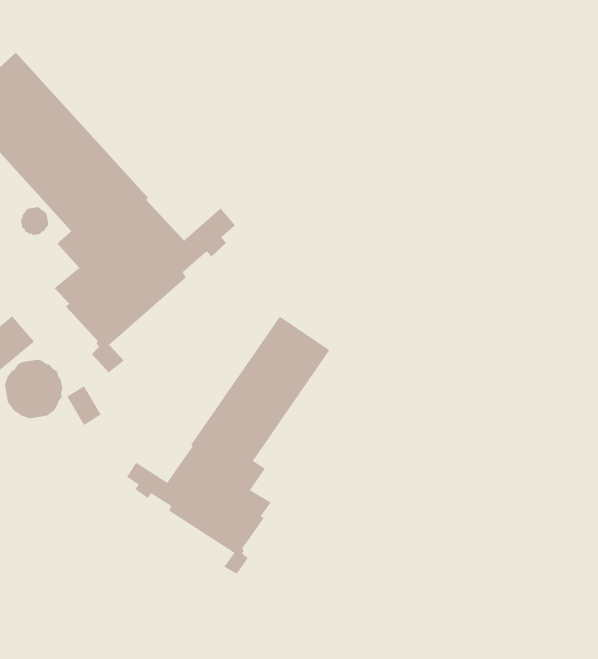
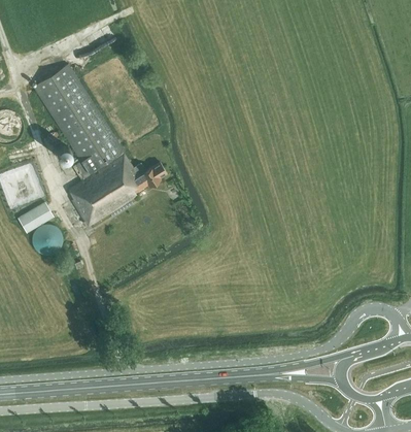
building: [126,316,330,575] -> none

